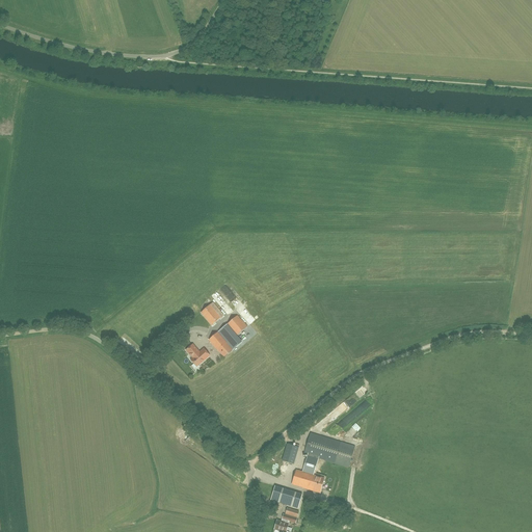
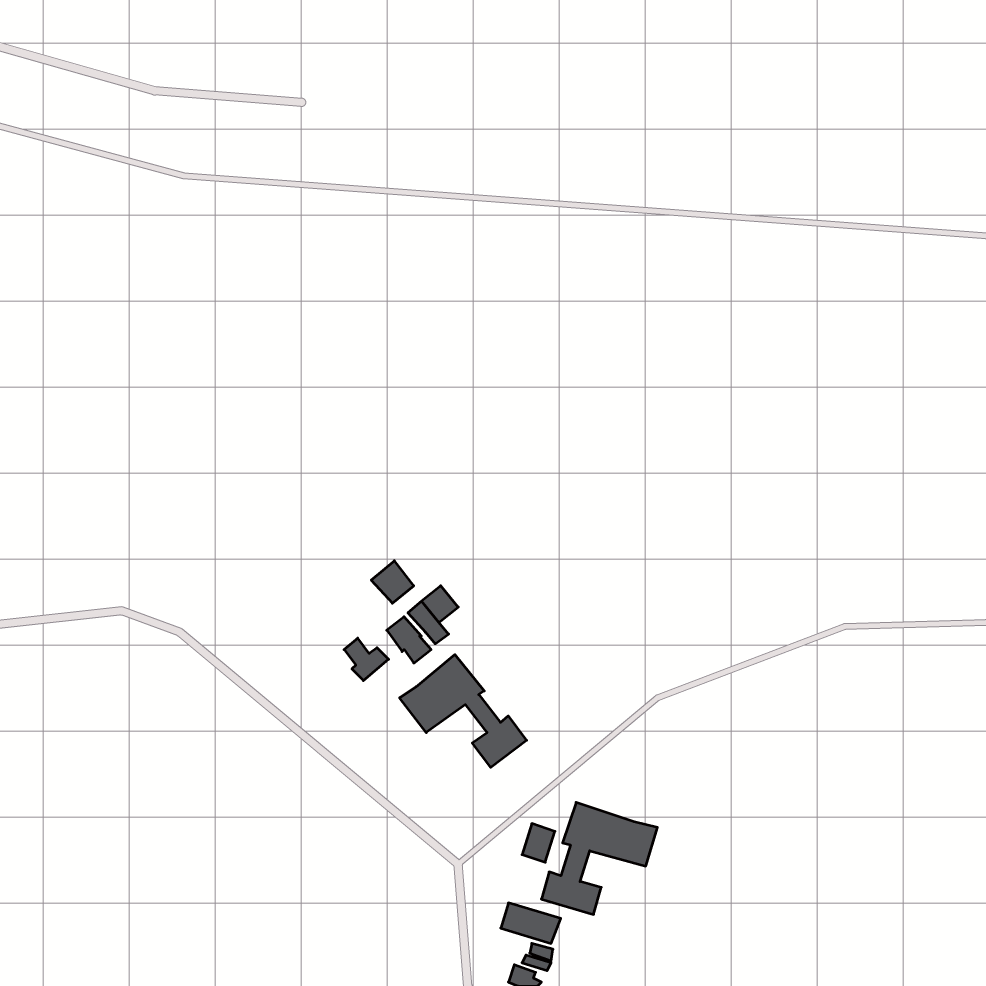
building: none -> [400,655,527,767]

